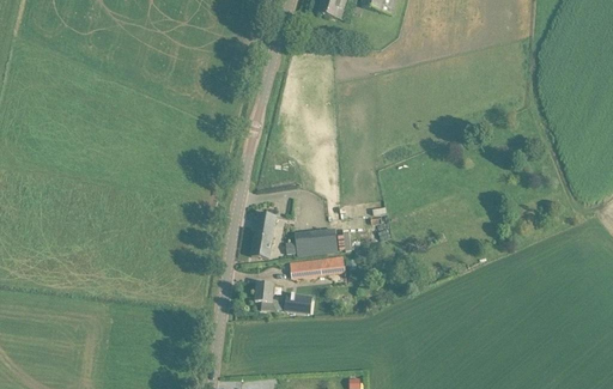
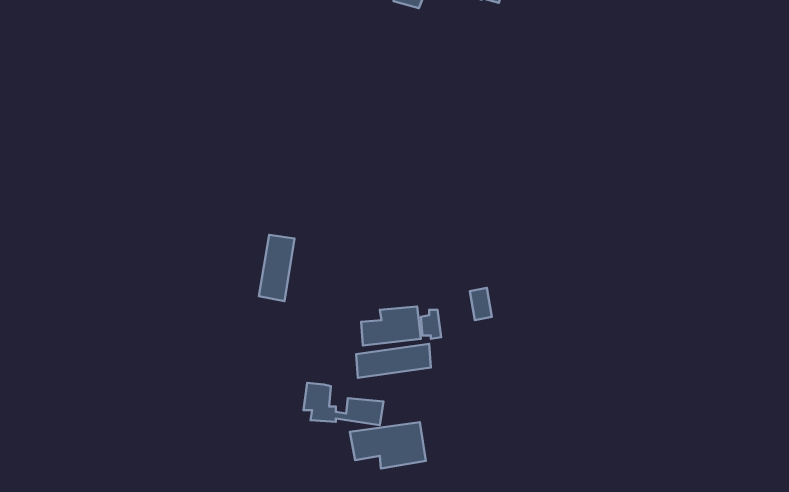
building: [251,212,277,259] -> [259,235,295,301]
building: none -> [350,422,426,468]

